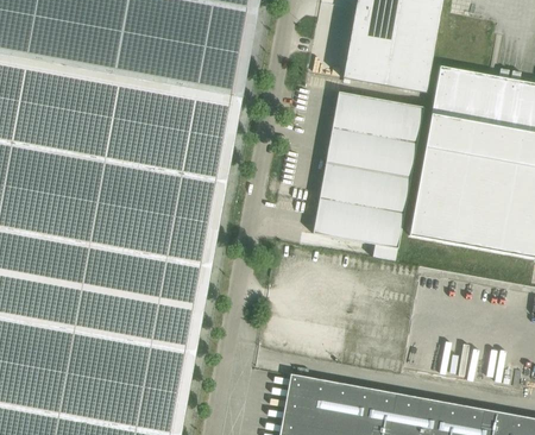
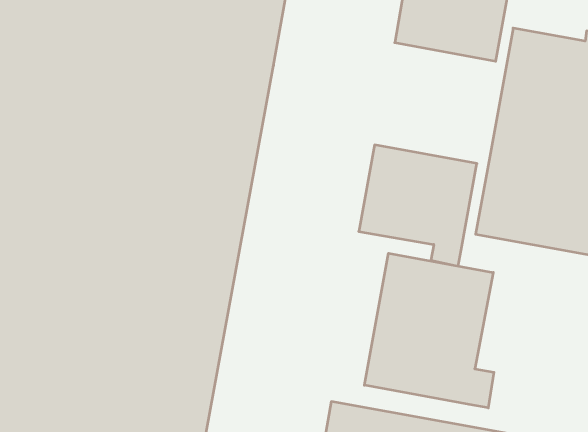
building: [326,92,423,177] -> none
building: none -> [364,253,494,408]

